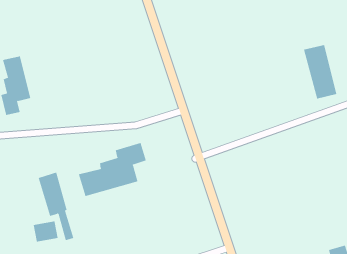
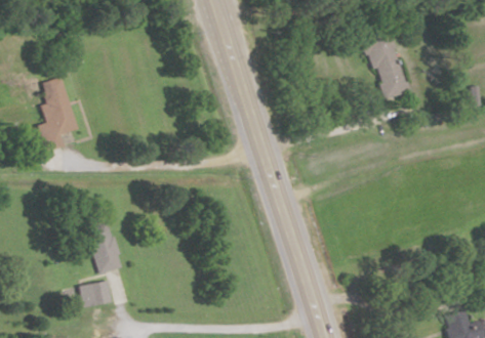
building: [303,44,337,99] -> [365,31,407,98]
building: [78,142,147,197] -> none

